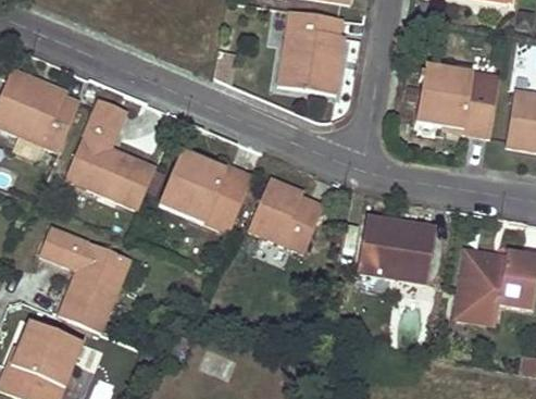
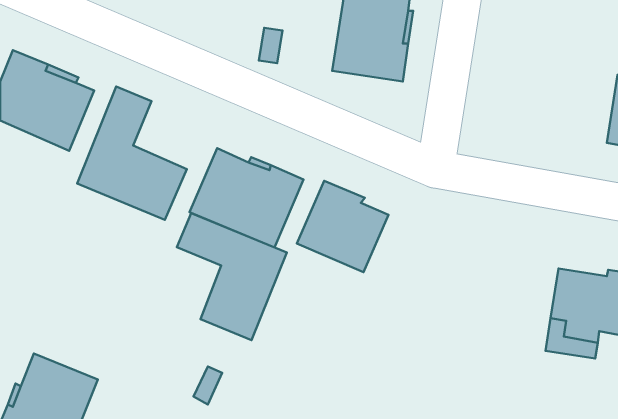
building: [415,64,500,138] -> none
building: [358,216,436,283] -> none
building: [39,227,130,333] -> [177,213,287,340]

